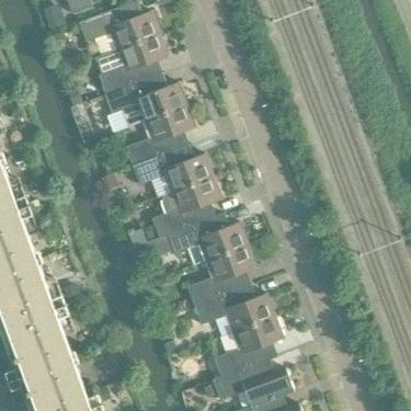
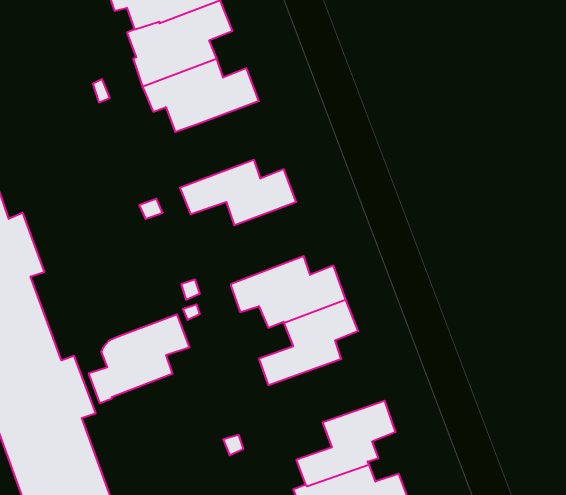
building: [124,105,196,167] -> none
building: [151,176,222,239] -> [89,315,190,403]
building: [194,287,276,332] -> none

